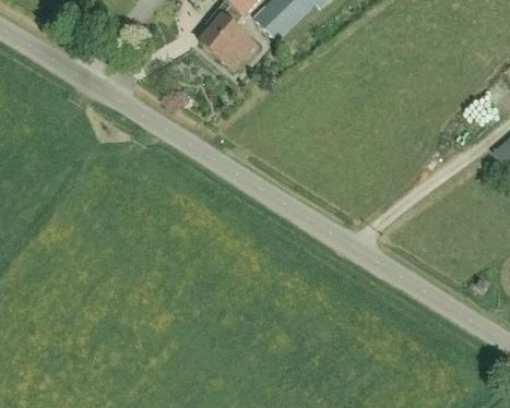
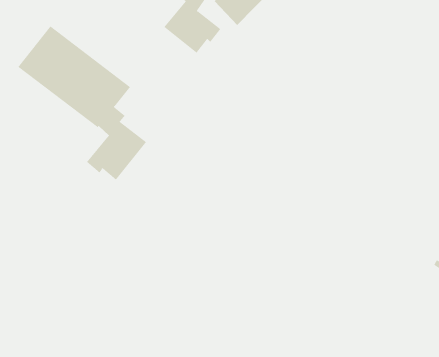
building: none -> [18,26,147,181]

